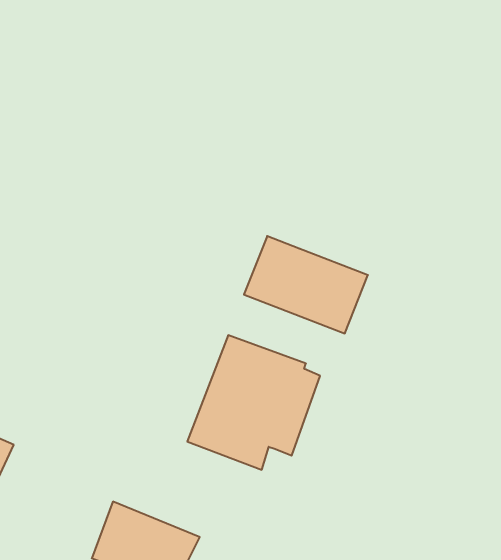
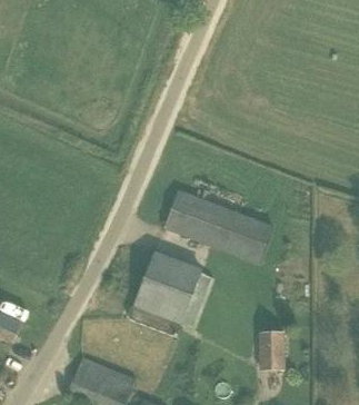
building: none -> [227,214,272,263]
building: none -> [259,330,285,369]

